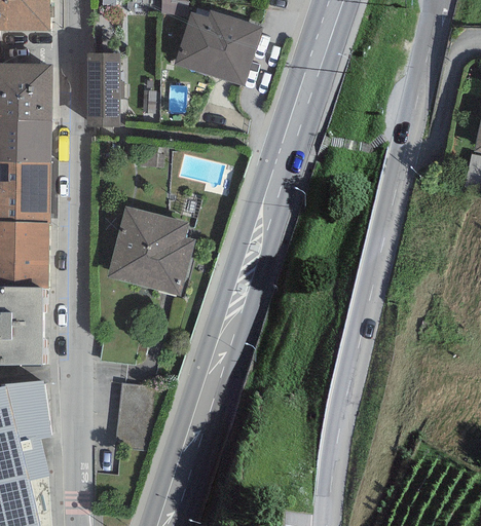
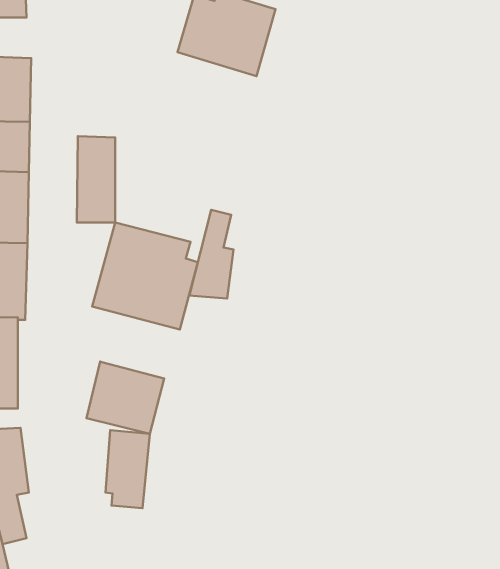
building: [91,47,124,121] -> [77,136,115,223]
building: none -> [189,210,233,299]
building: none -> [86,362,164,434]

